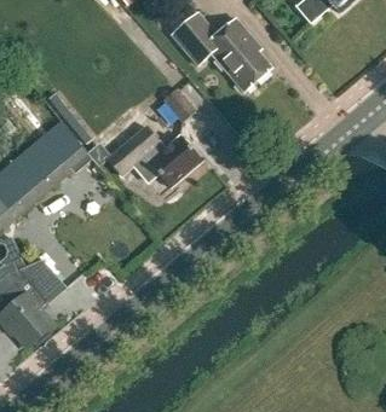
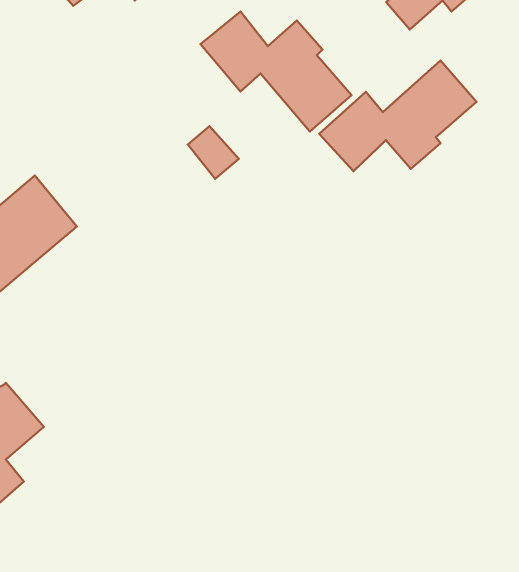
building: none -> [319,61,476,171]
building: [106,126,202,187] -> none

